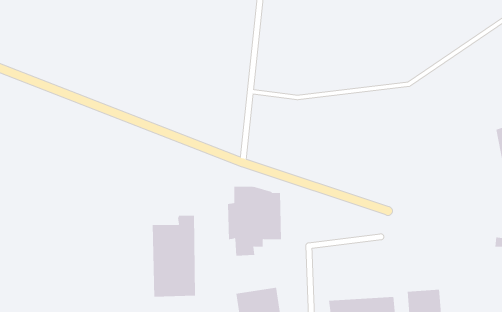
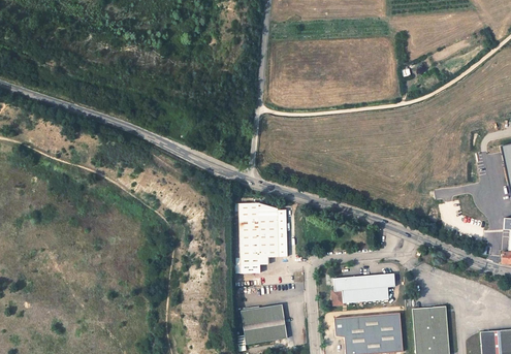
building: [152,215,196,298] -> none
building: none -> [332,273,395,305]

